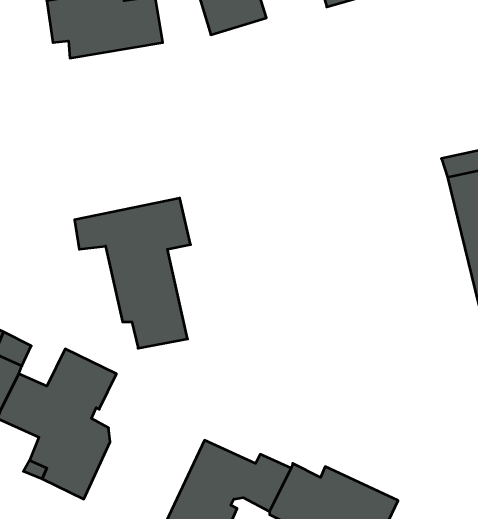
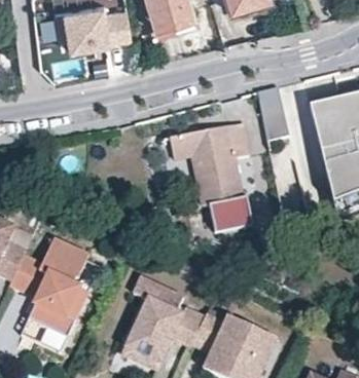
building: none -> [254,89,287,144]
building: [75,198,191,348] -> [169,123,246,223]
building: none -> [137,273,199,318]

